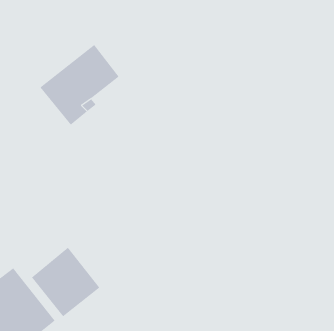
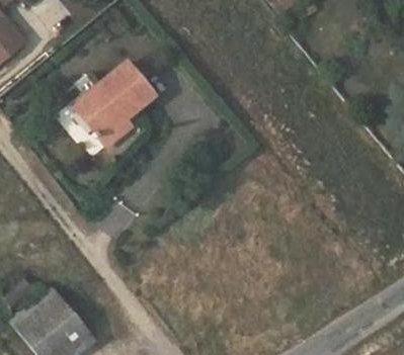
building: [31,247,100,317] -> none

